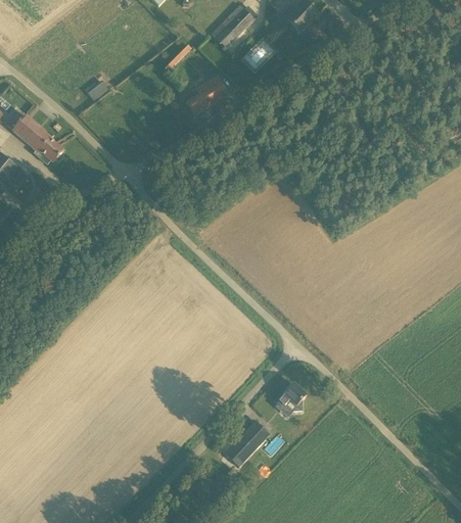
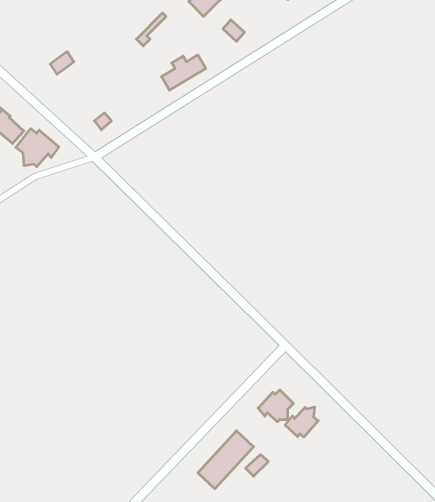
building: none -> [16,129,59,167]
building: none -> [285,407,318,437]

